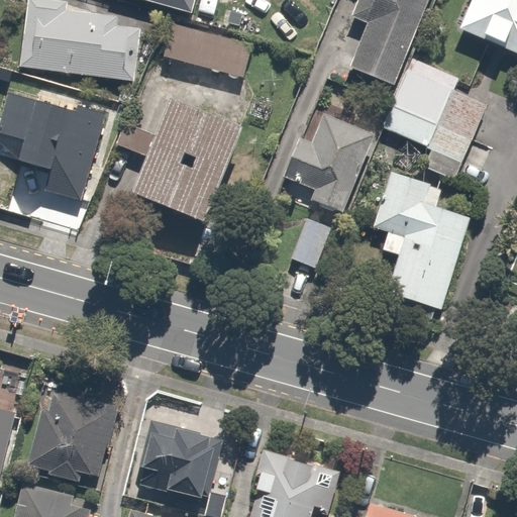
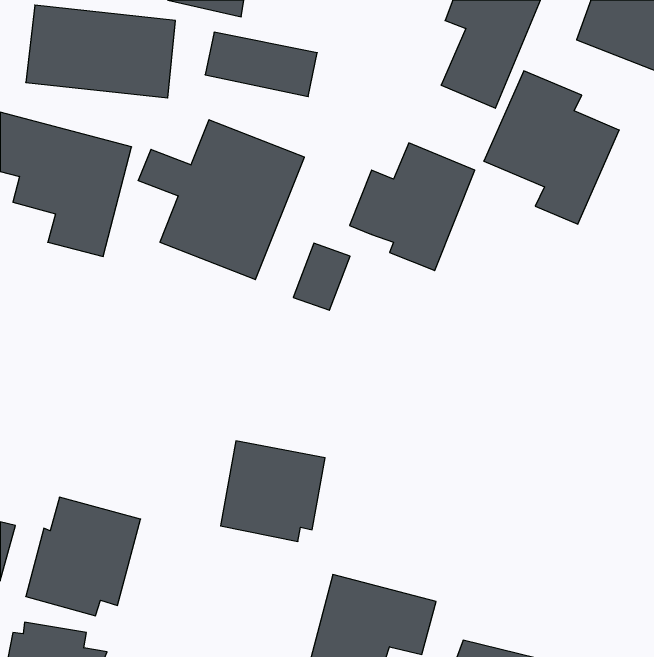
building: [371,169,473,313] -> none
building: [289,217,333,270] -> [293,243,350,310]
building: [137,421,219,500] -> [221,441,325,541]

